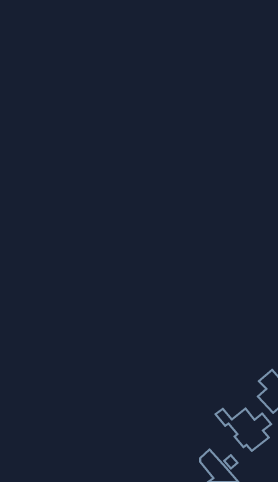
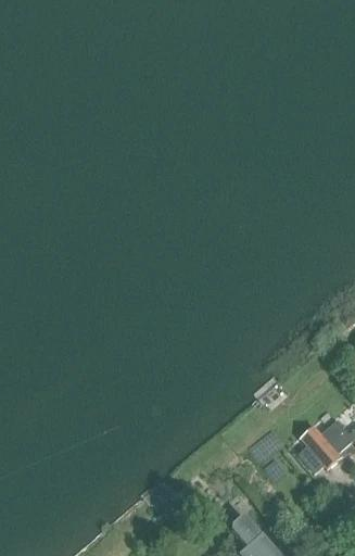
building: [216,408,271,451] -> none

